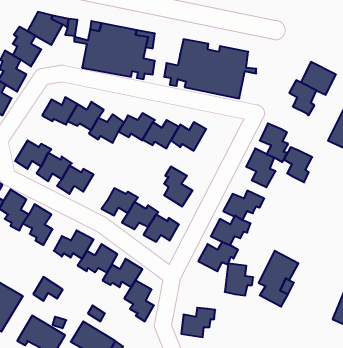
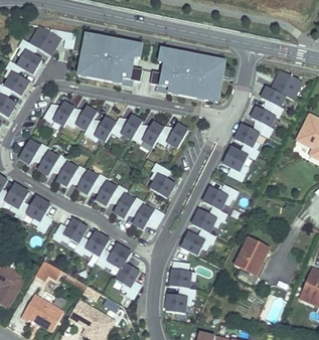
building: [284,147,312,182] -> [251,106,276,137]
building: none -> [76,169,108,194]
building: [225,264,253,295] -> [170,260,195,288]

